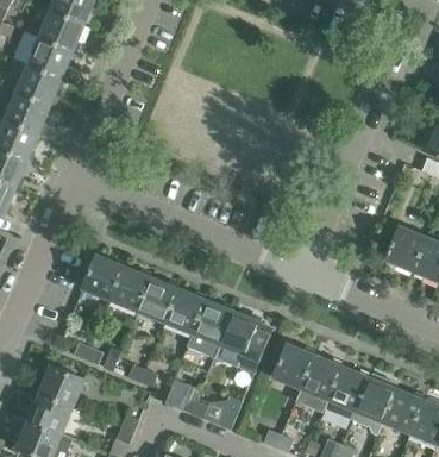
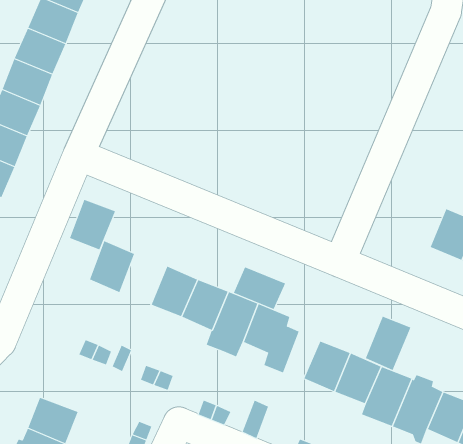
building: [109,265,151,311] -> [69,199,116,250]
building: none -> [233,266,286,310]
building: none -> [365,316,411,371]
building: [38,364,84,406] -> none

